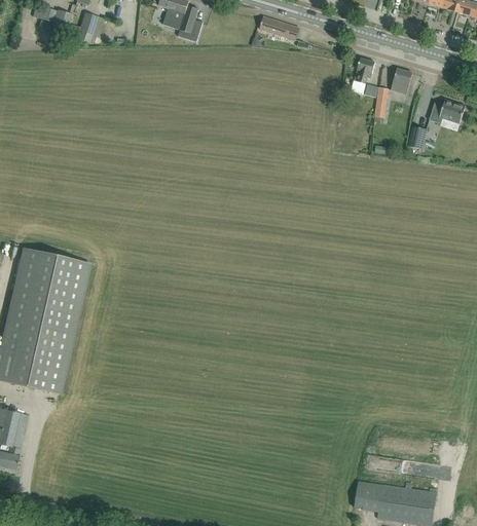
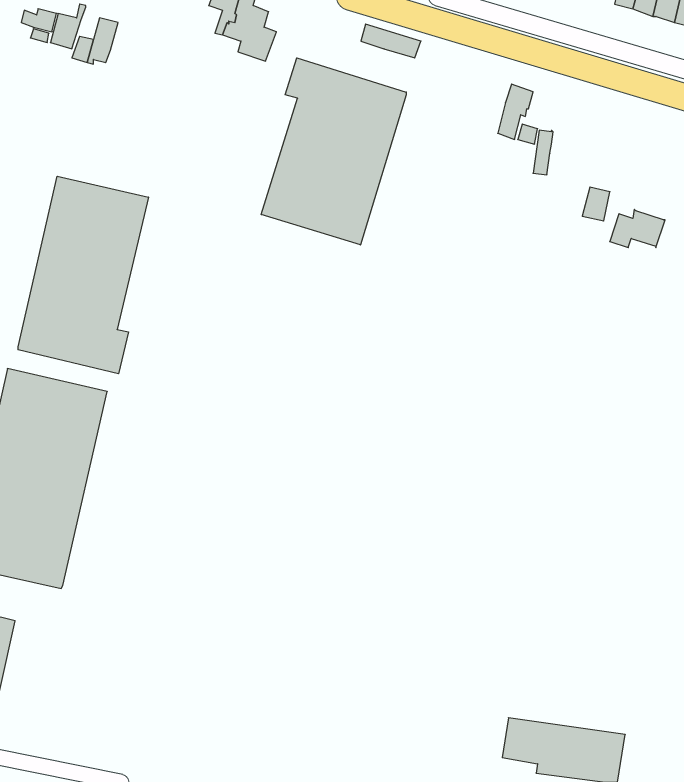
building: none -> [261,58,406,245]
building: [391,68,413,95] -> none
building: [429,98,466,123] -> [610,209,665,248]
building: none -> [18,176,148,374]

